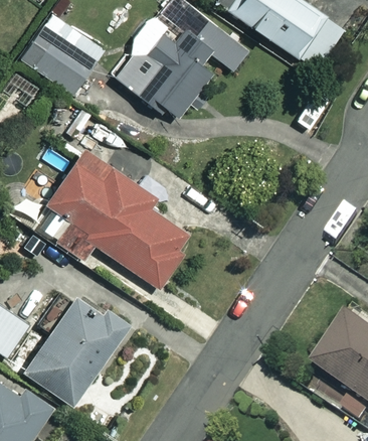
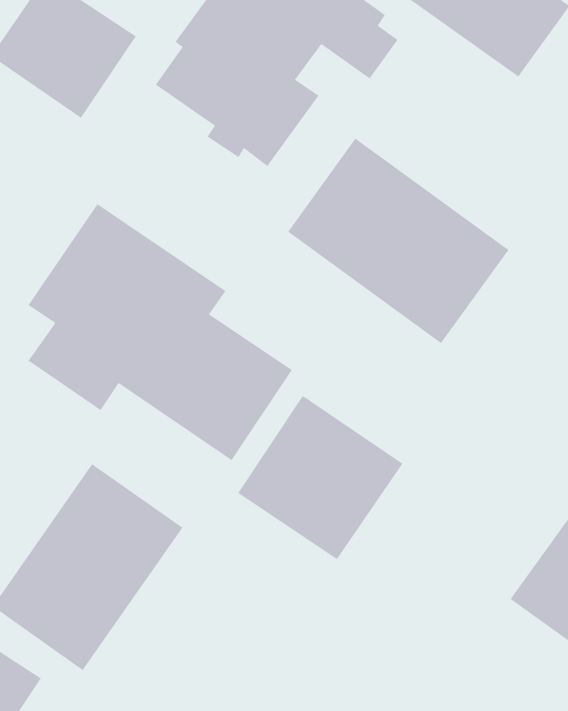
building: none -> [287,137,509,344]
building: none -> [237,395,404,560]

